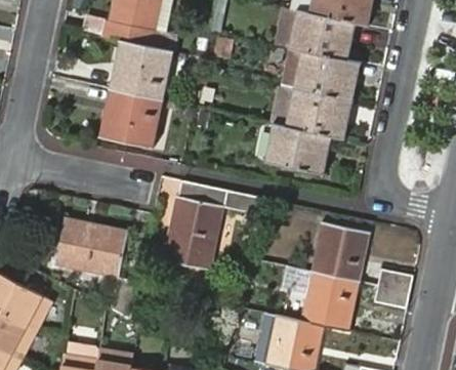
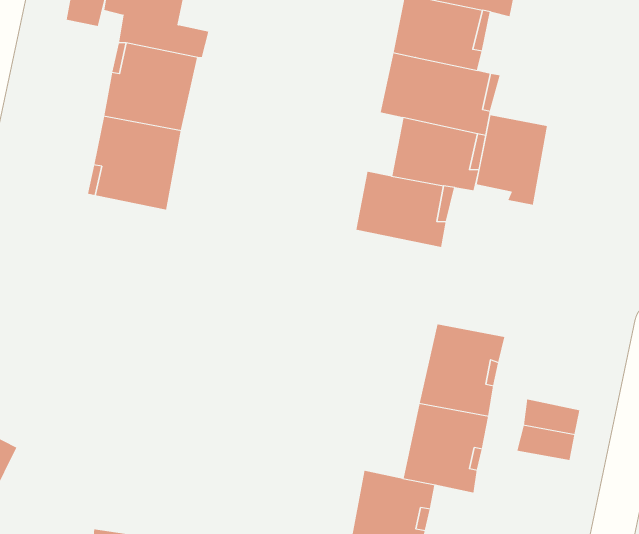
building: none -> [476,114,548,206]
building: [160,181,255,272] -> none
building: [51,218,137,317] -> none

